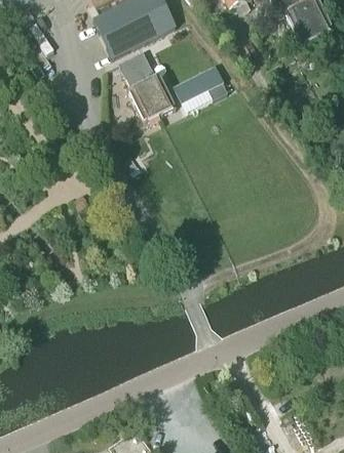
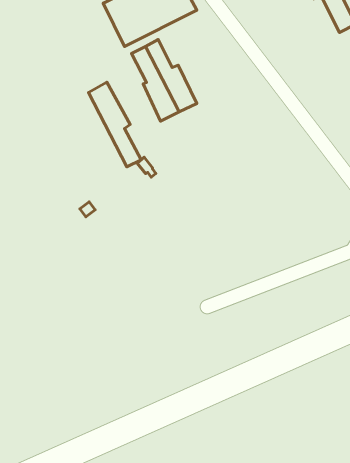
building: [174,66,227,102] -> none
building: none -> [88,82,141,167]

